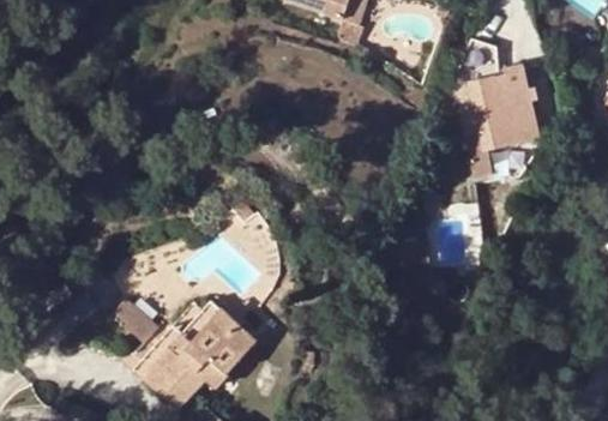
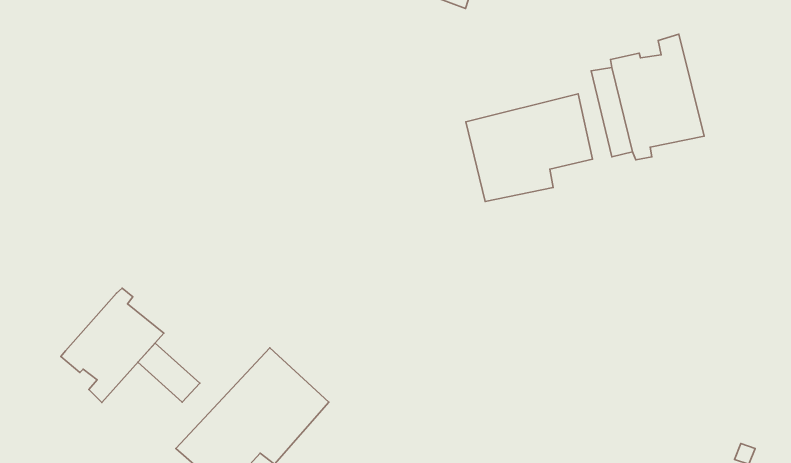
building: none -> [466,94,592,201]
building: none -> [61,288,164,403]

